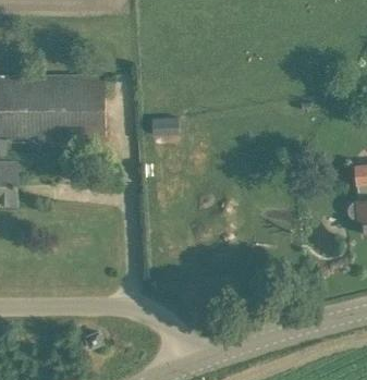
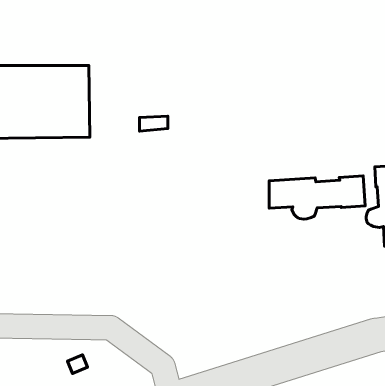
building: none -> [269,176,365,219]

